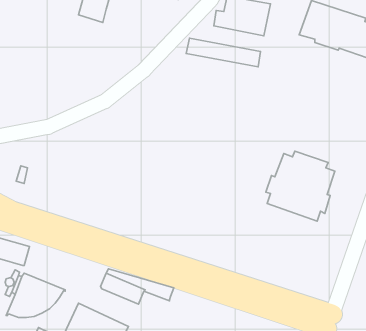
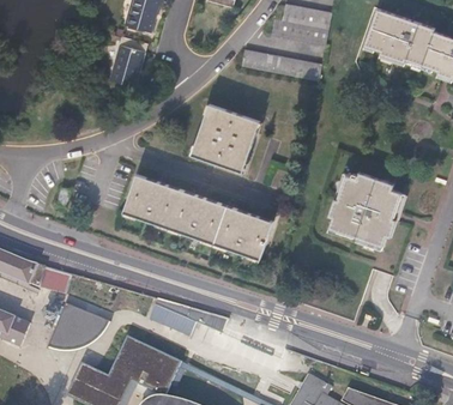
building: none -> [109,37,147,87]
building: none -> [191,103,260,173]
building: none -> [122,174,273,260]

